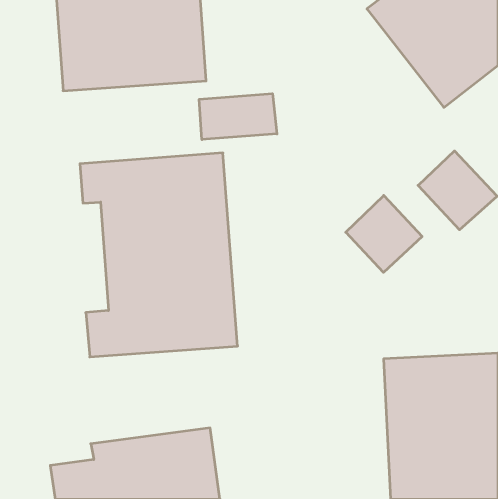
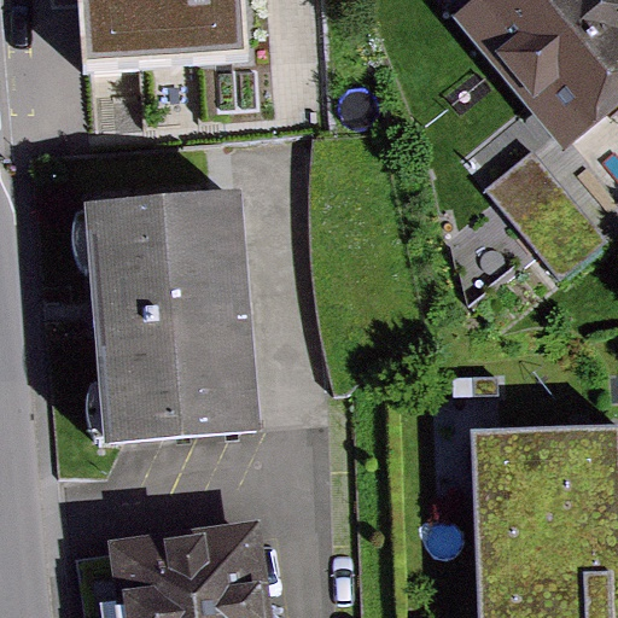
building: [199,94,277,140] -> none
building: [346,195,422,272] -> none

